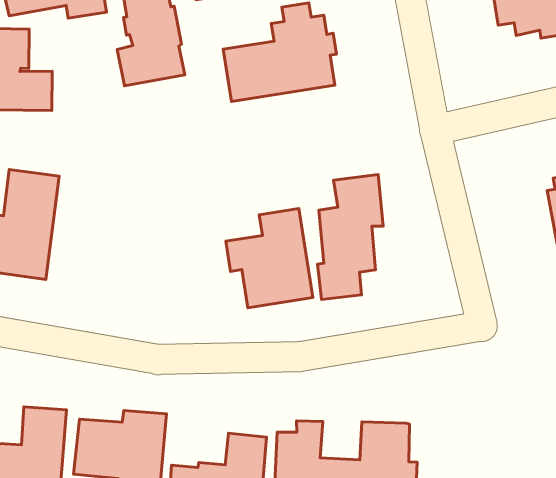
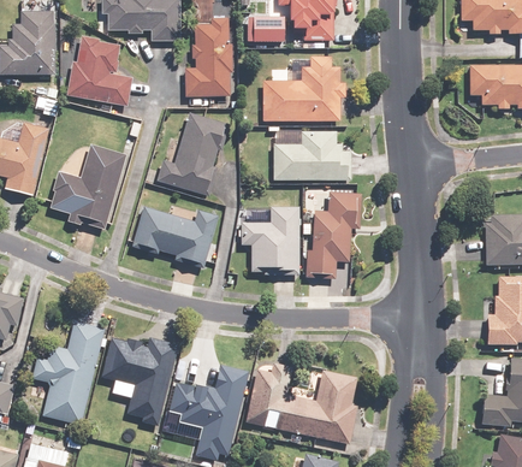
building: none -> [274,132,351,179]
building: none -> [156,112,231,196]
building: none -> [132,206,220,267]

